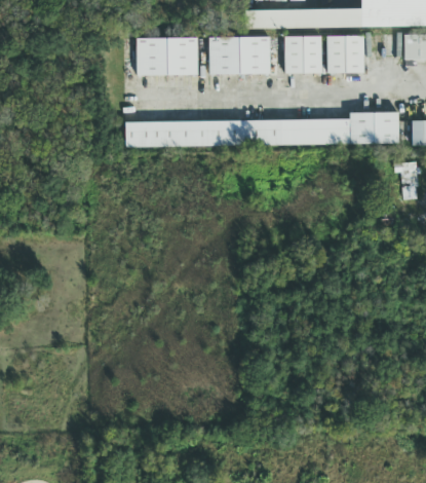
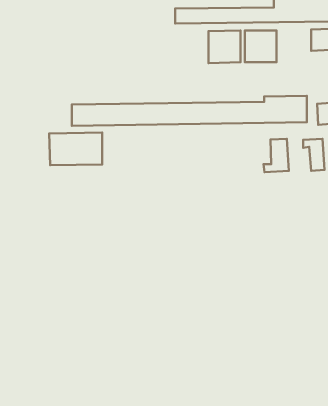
building: [209,36,271,75] -> none
building: [137,38,198,76] -> [49,133,102,165]
building: none -> [263,139,289,172]

